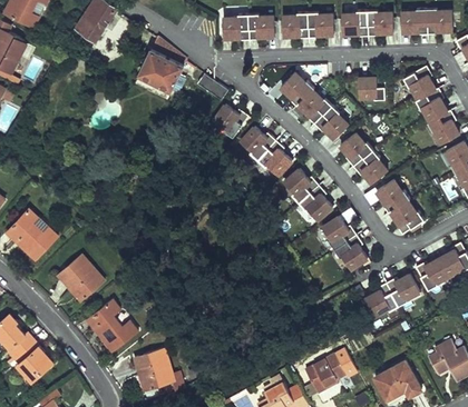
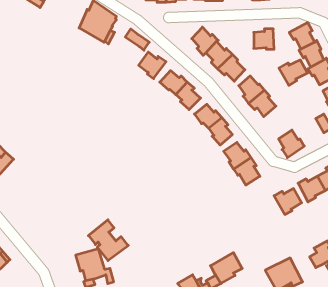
building: none -> [279,60,308,85]
building: [376,179,409,214] -> none
building: [59,255,104,300] -> none
building: [364,282,398,316] -> none
building: [88,300,138,351] -> [88,220,128,261]

